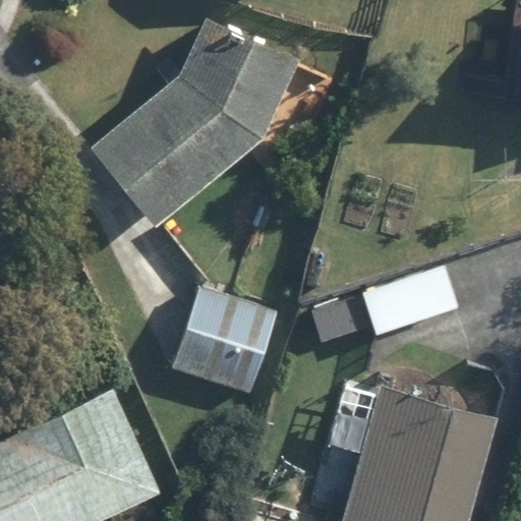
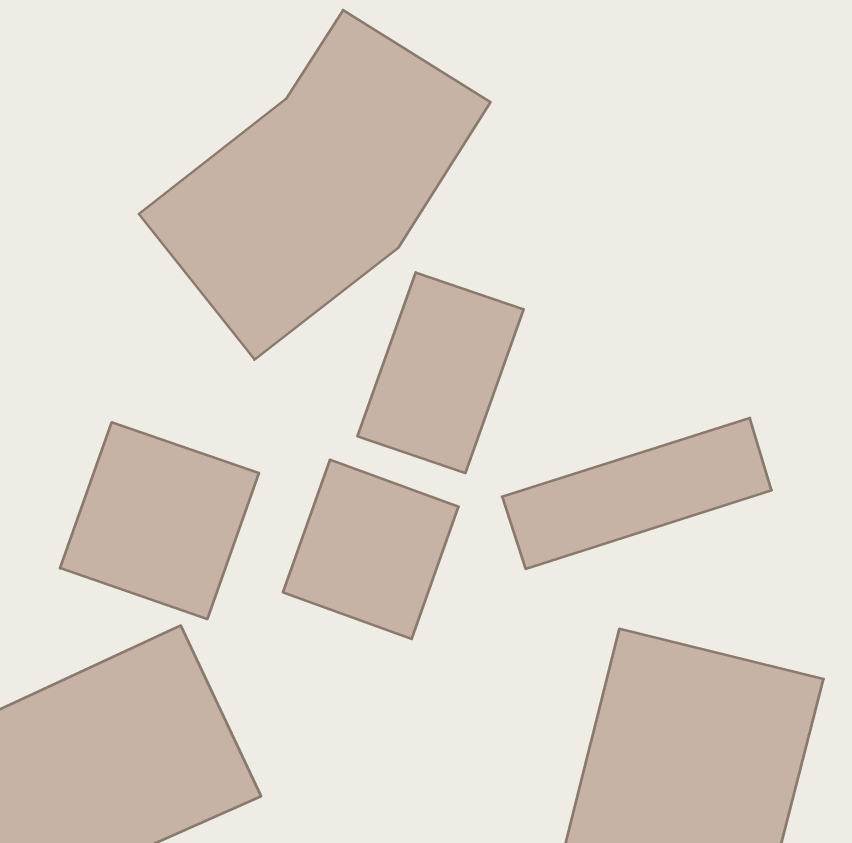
building: none -> [358,272,523,473]
building: none -> [60,422,259,619]

